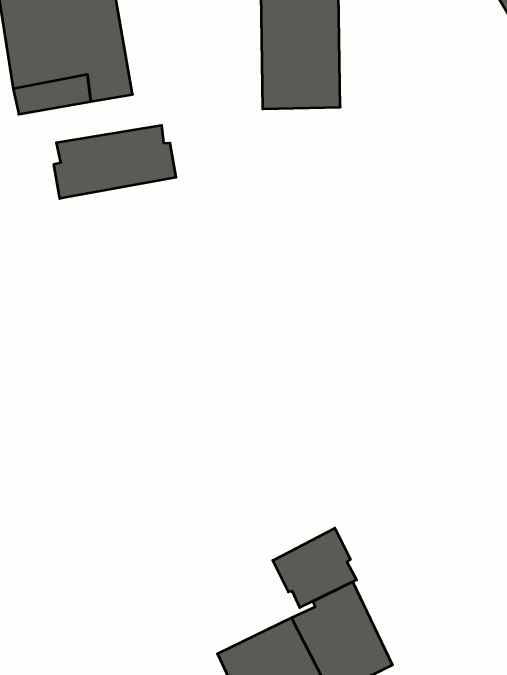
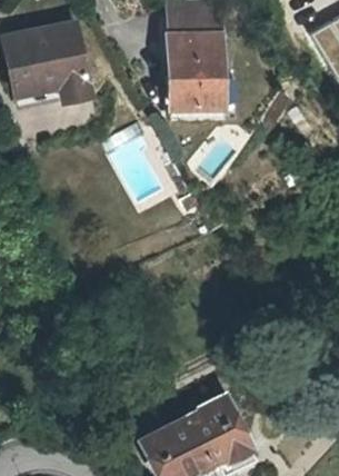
building: [54,125,176,199] -> none
building: [273,528,357,608] -> none

